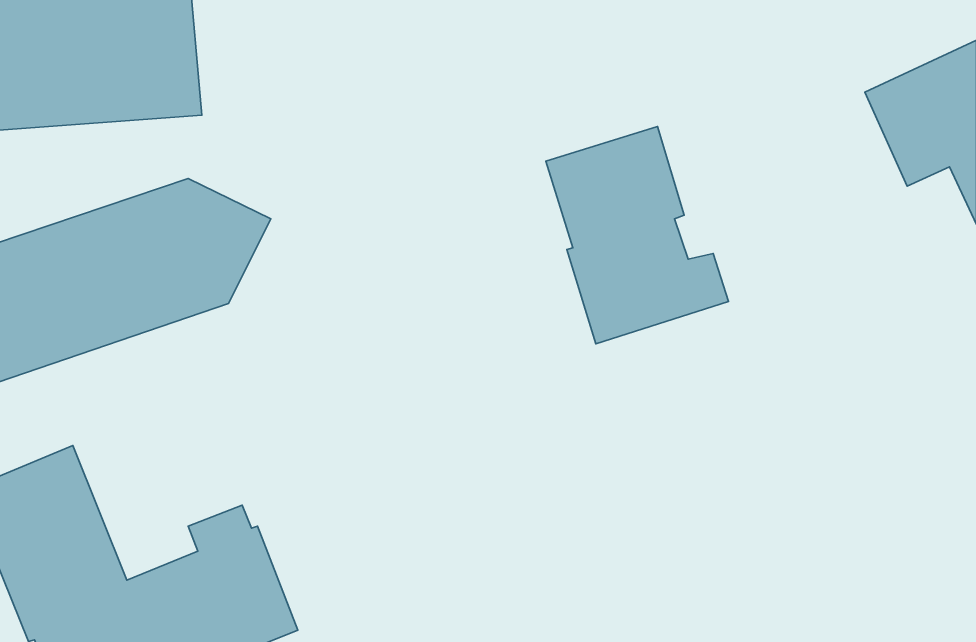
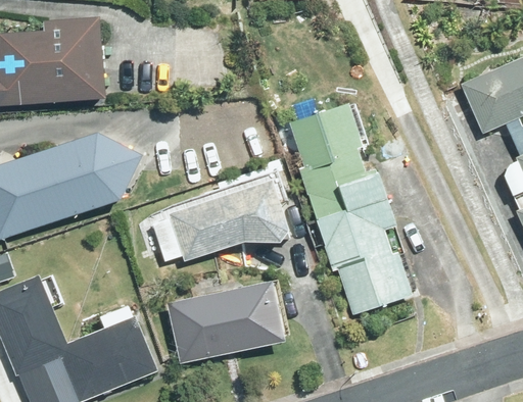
building: none -> [153,178,290,263]
building: none -> [317,197,412,314]
building: none -> [165,279,287,364]

